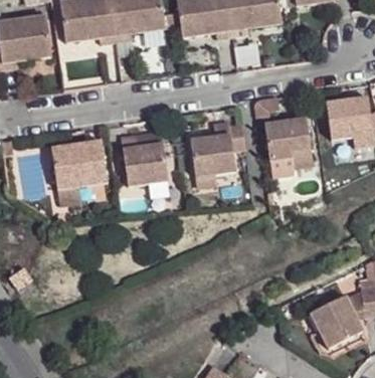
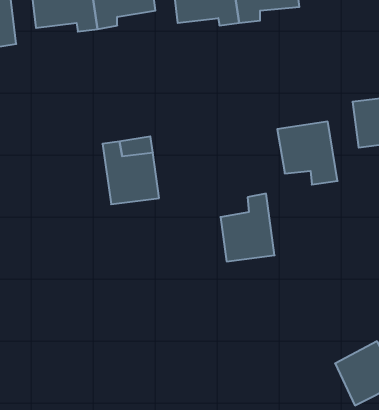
building: [190,120,234,175] -> [220,194,275,261]
building: [52,141,108,187] -> none

